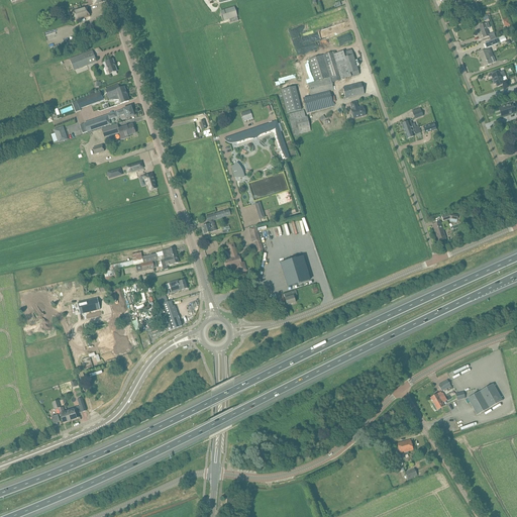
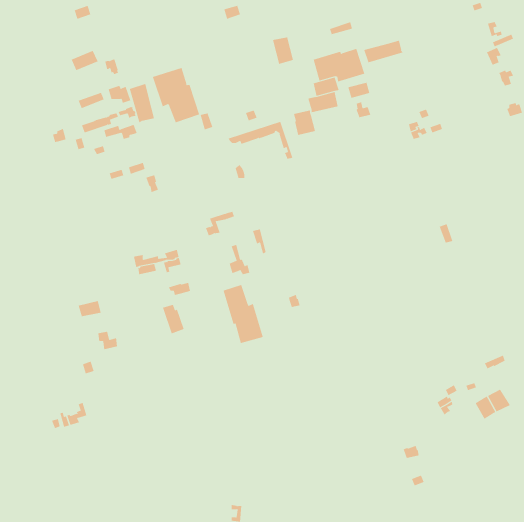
building: none -> [364,40,403,63]
building: none -> [152,67,200,123]
building: none -> [129,83,155,123]
building: [281,85,302,112] -> [272,37,294,64]
building: [281,254,309,284] -> none
building: none -> [223,284,263,344]

